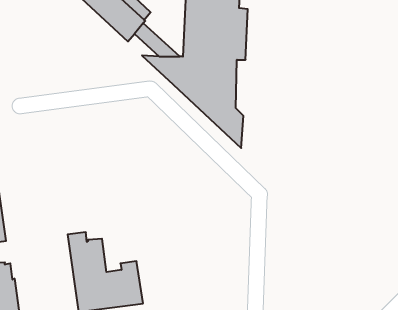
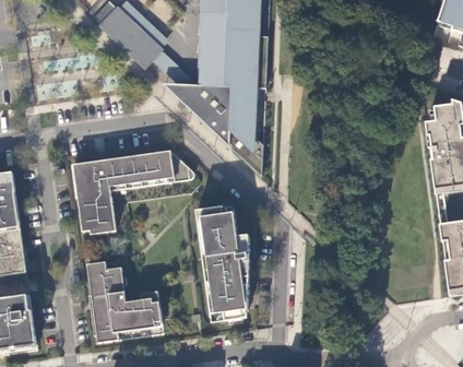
building: none -> [73,151,192,233]
building: none -> [195,206,248,319]

